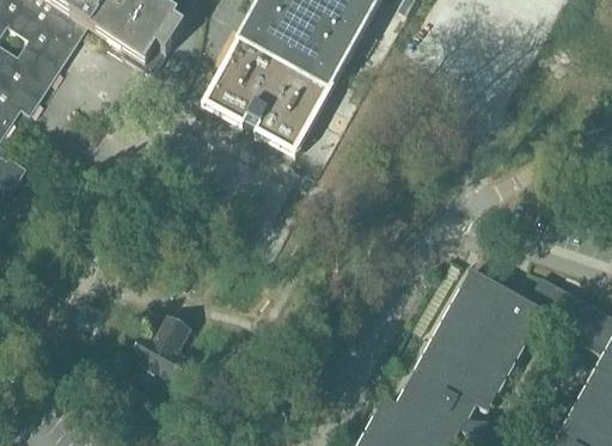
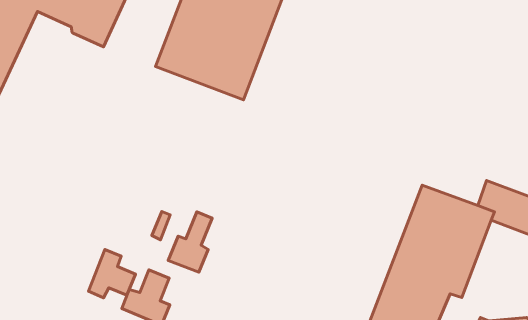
building: none -> [168,212,212,272]
building: none -> [88,250,136,298]

